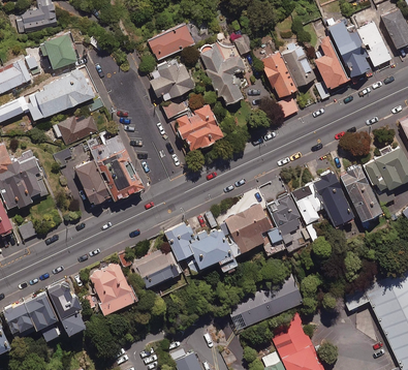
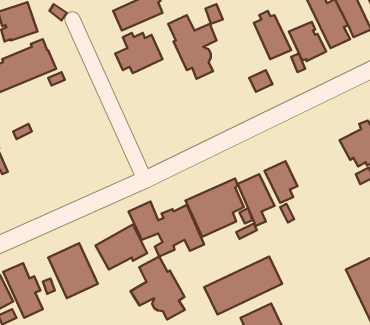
building: [259,53,296,100] -> none
building: [161,98,223,151] -> none
building: [52,118,97,146] -> none
building: [71,133,143,209] -> none
building: [337,161,379,229] -> none
building: [311,169,352,226] -> none
building: none -> [130,256,185,320]

